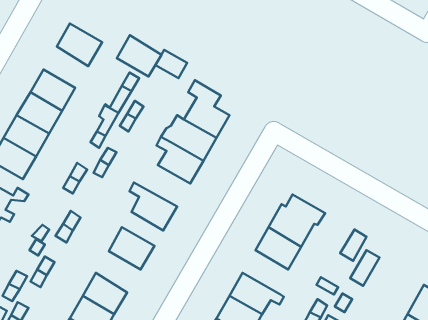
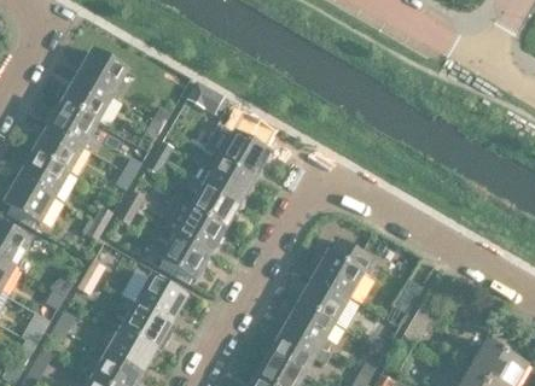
building: [117,35,161,77] -> [63,76,112,122]
building: none -> [163,201,226,253]
building: none -> [284,300,335,351]
building: none -> [121,303,170,349]

